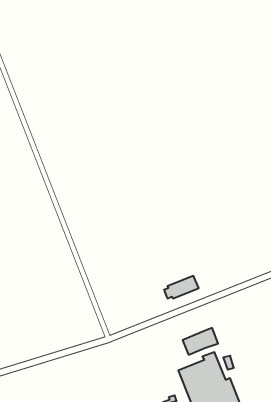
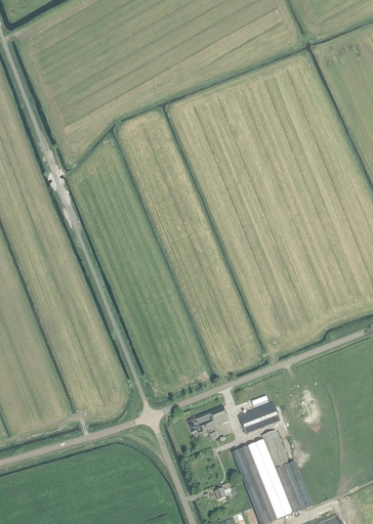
building: [164,276,199,298] -> [188,405,229,432]

